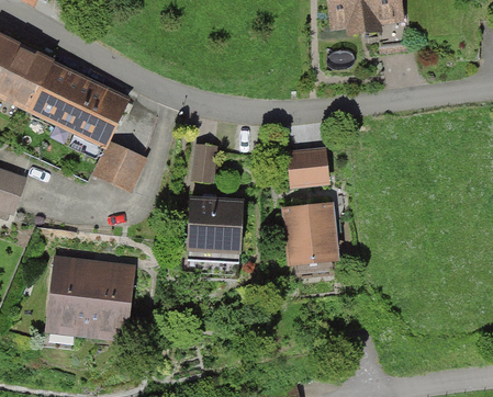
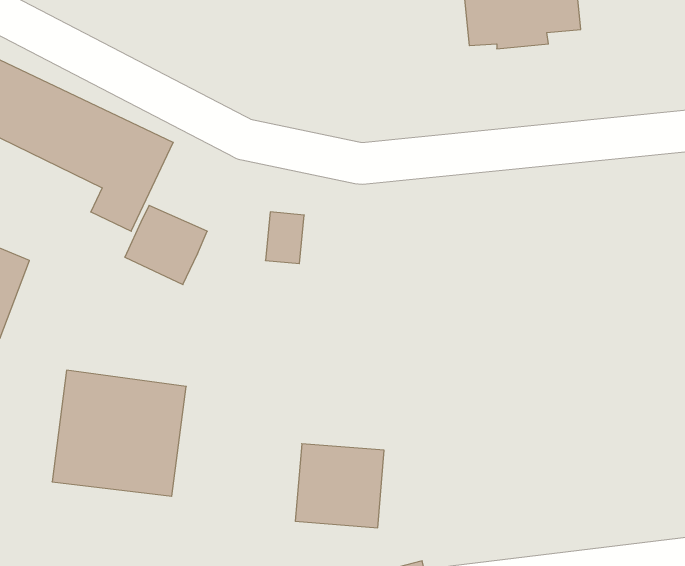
building: [285,147,330,190] -> none
building: [186,196,246,253] -> [295,444,384,528]
building: [281,202,339,264] -> none

